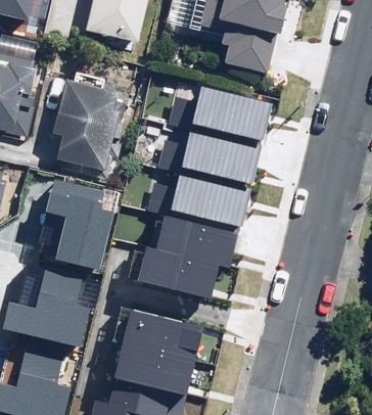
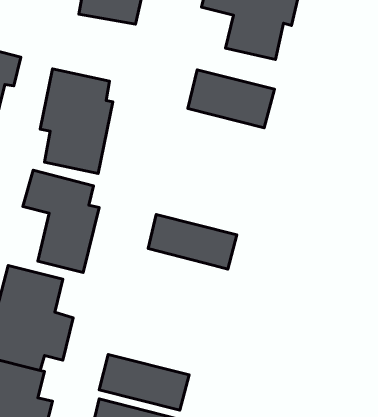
building: [178,128,258,183] -> none
building: [169,173,246,226] -> none
building: [134,243,214,297] -> none
building: [119,310,199,360] -> none

